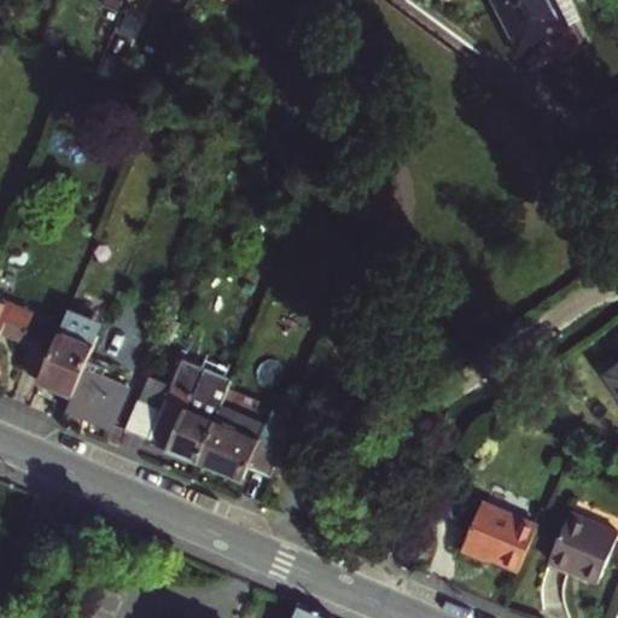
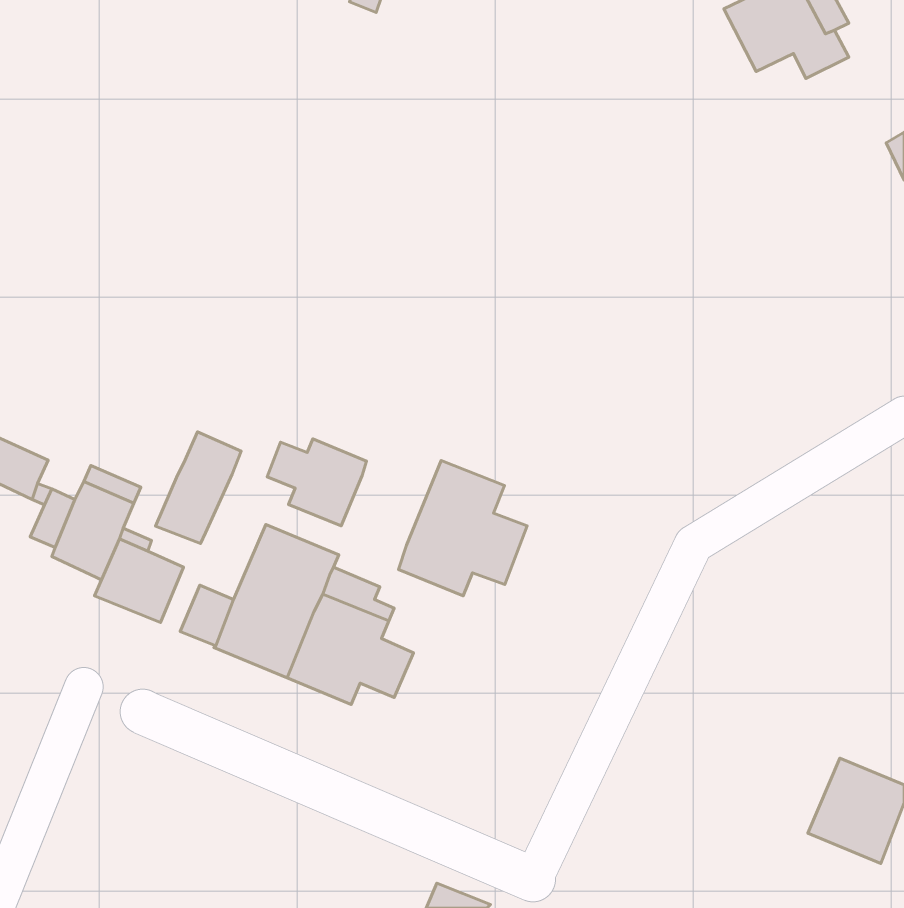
building: none -> [155,432,241,544]
building: none -> [267,439,367,526]
building: none -> [398,461,527,596]
building: [460,503,537,571] -> none

